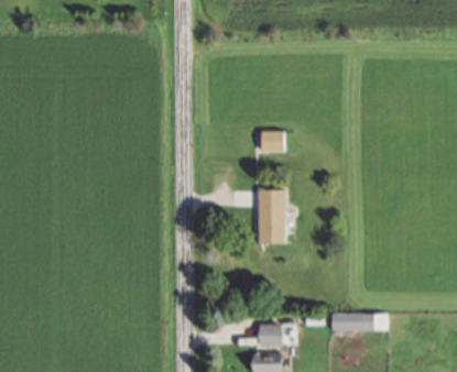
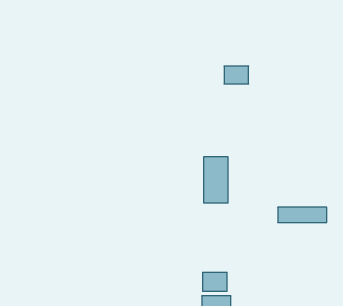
building: [257,131,285,152] -> [224,66,249,84]
building: [329,313,387,330] -> [278,207,327,222]

